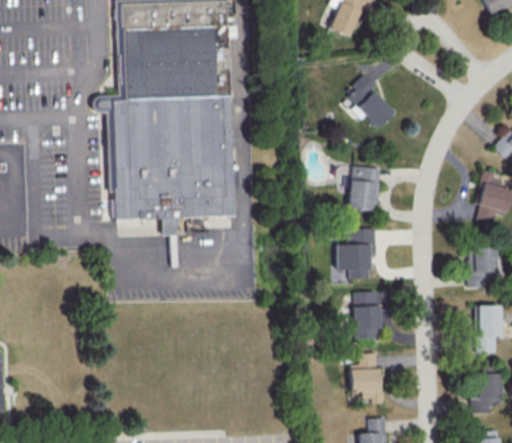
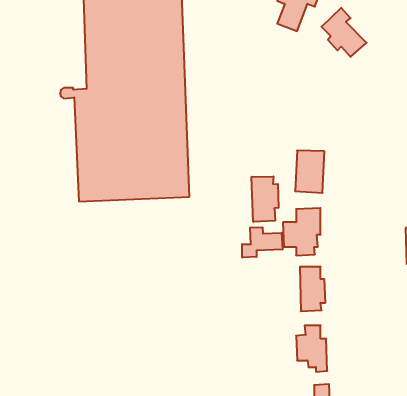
building: [345,75,394,128] -> [321,8,367,57]
building: none -> [252,176,278,222]
building: none -> [242,227,282,258]

